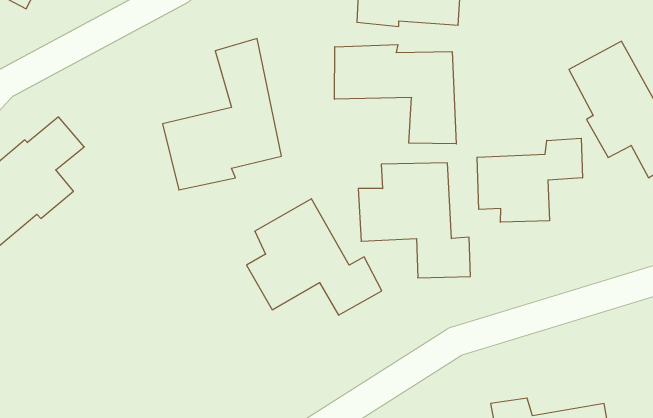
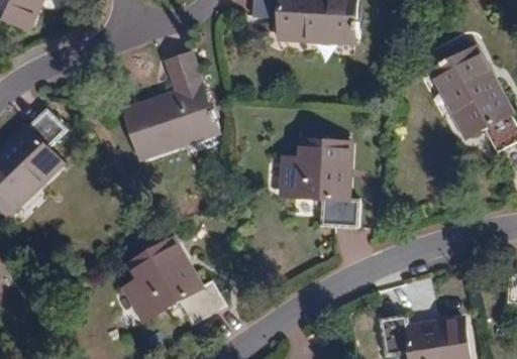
building: [334,45,456,144] -> none
building: [477,138,582,222] -> none
building: [247,199,382,315] -> [124,239,225,326]

